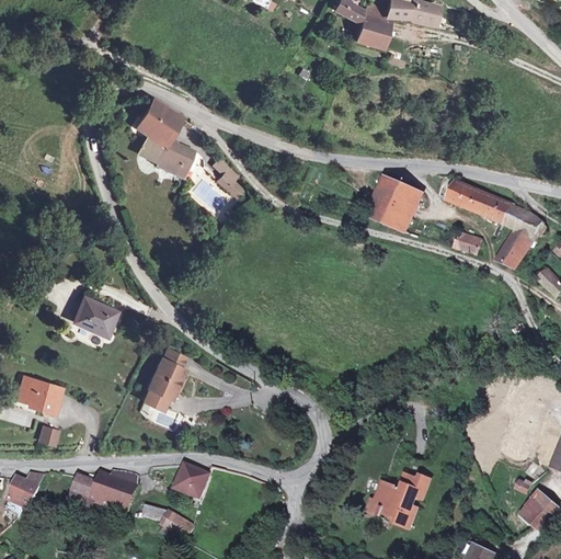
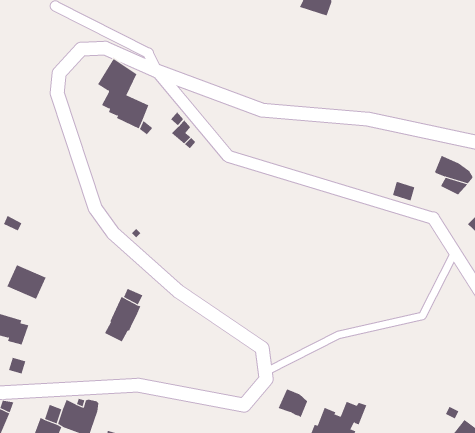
building: [363,172,424,233] -> none
building: [442,176,512,223] -> none
building: [499,238,530,269] -> none
building: [72,297,116,335] -> [7,265,47,300]
building: none -> [278,389,308,418]
building: [175,464,210,500] -> none

